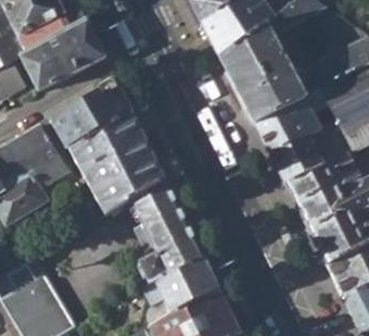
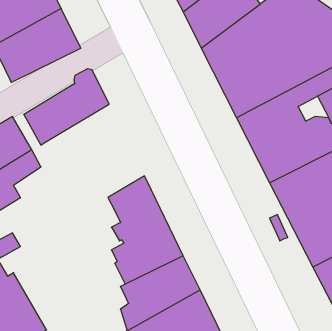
building: [71,112,166,214] -> none

